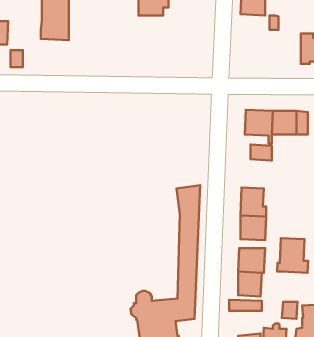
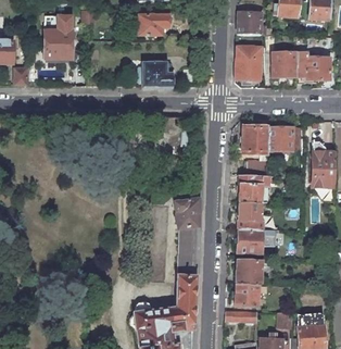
building: none -> [236,46,262,79]
building: none -> [273,48,296,77]
building: none -> [137,63,171,87]
building: none -> [239,174,267,202]
building: [277,238,308,273] -> none

